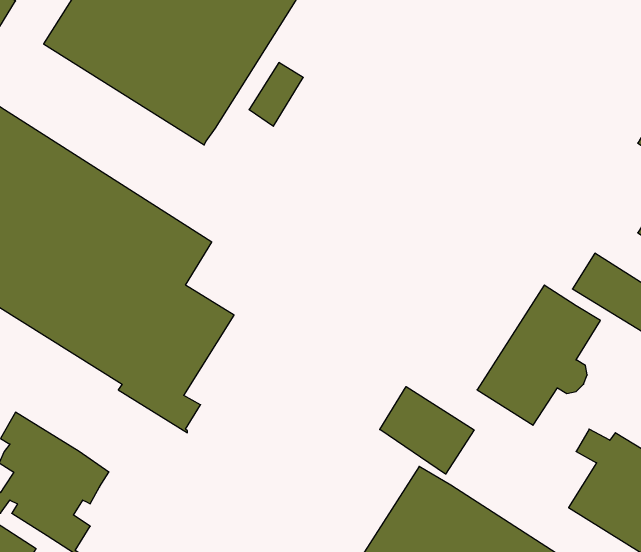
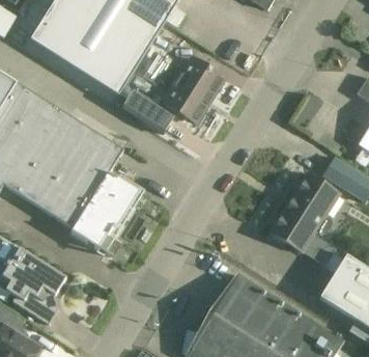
building: none -> [119,57,224,133]
building: [380,387,474,474] -> none

